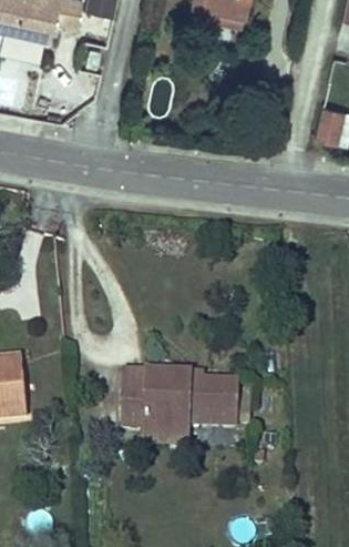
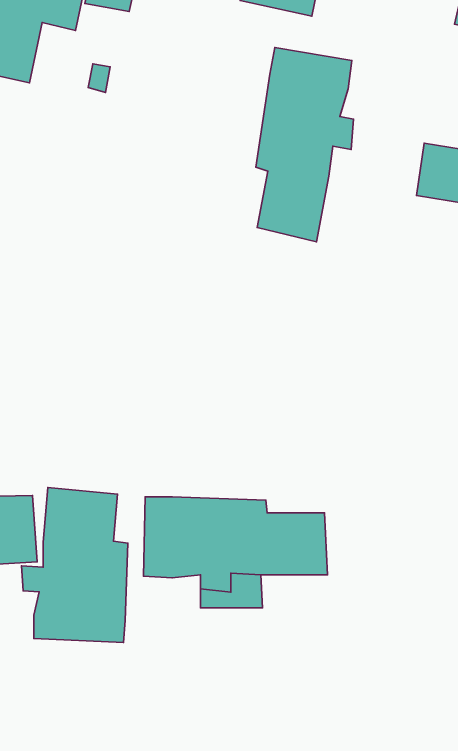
building: none -> [256,48,354,242]
building: none -> [22,488,128,643]

